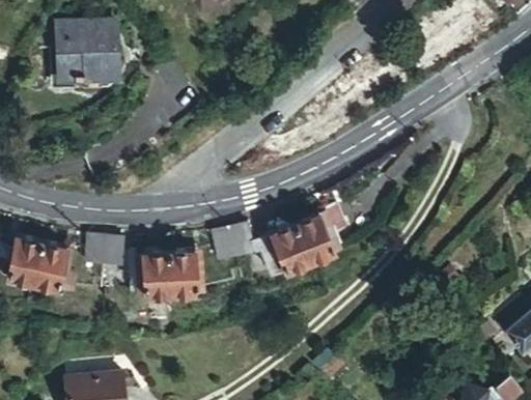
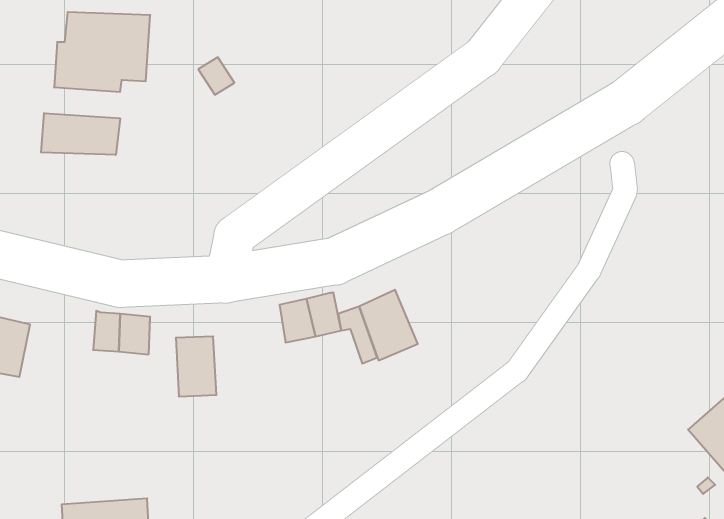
building: none -> [41,113,120,155]
building: [295,211,333,258] -> none
building: [35,245,66,285] -> none
building: [169,251,197,293] -> none

